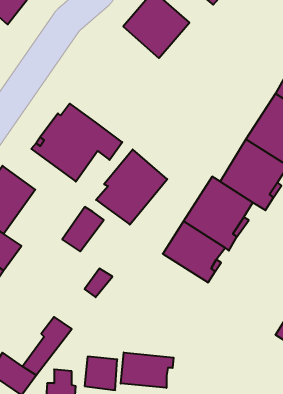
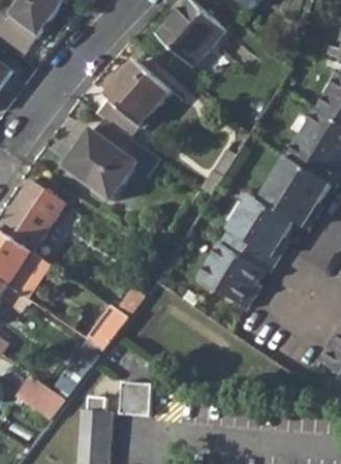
building: [96,149,167,225] -> [93,57,167,135]
building: [62,207,104,251] -> [85,305,128,351]
building: [121,352,174,388] -> none

